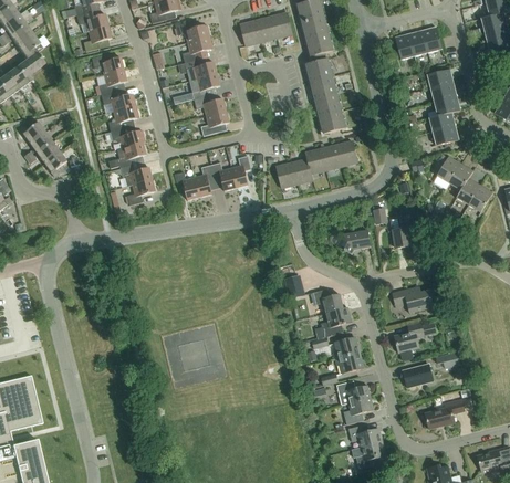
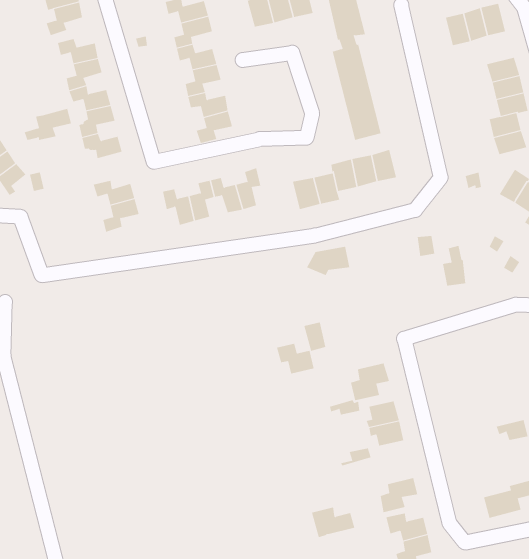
building: [108,143,146,168] -> [24,108,72,141]
building: [336,230,371,253] -> [306,246,350,276]
building: [393,286,434,312] -> none
building: [313,288,343,313] -> [276,343,315,374]
building: [394,322,436,360] -> none
building: [403,364,433,387] -> none
building: [336,380,371,405] -> [311,507,355,538]

